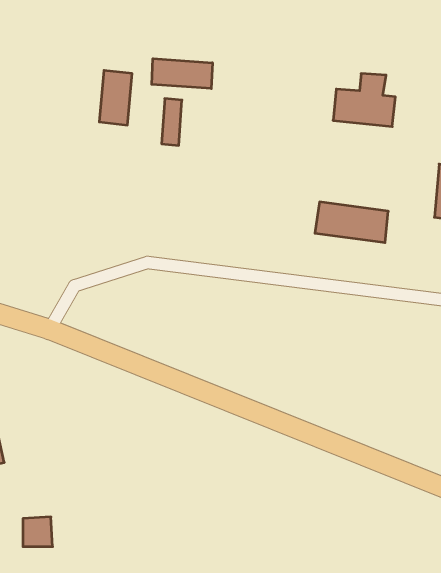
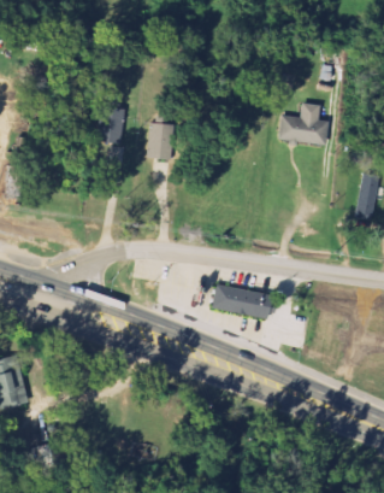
building: [152,59,212,89] -> none
building: [315,202,388,243] -> [212,287,268,318]

